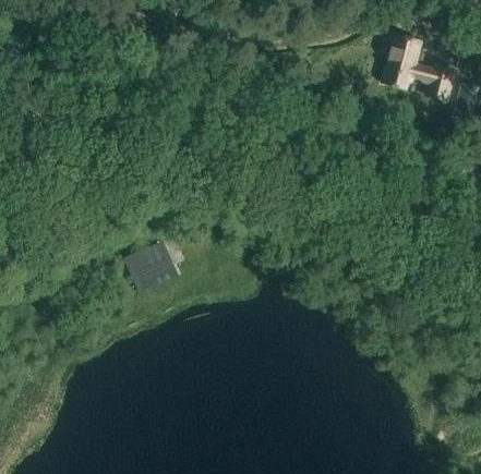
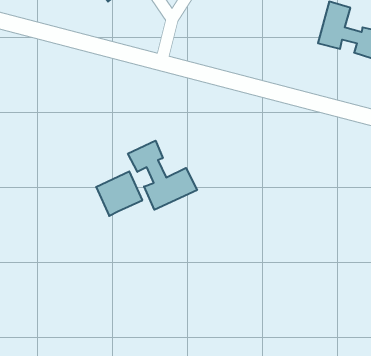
building: none -> [128,141,197,210]

